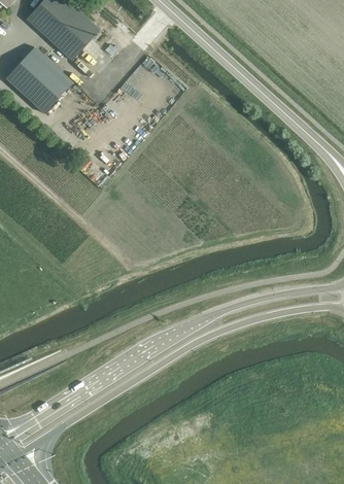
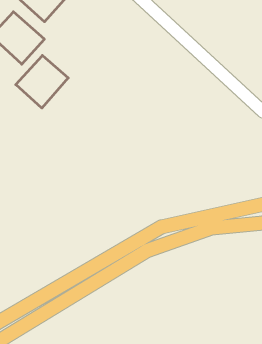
building: none -> [16,55,68,108]

